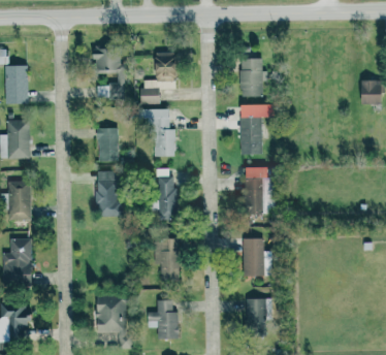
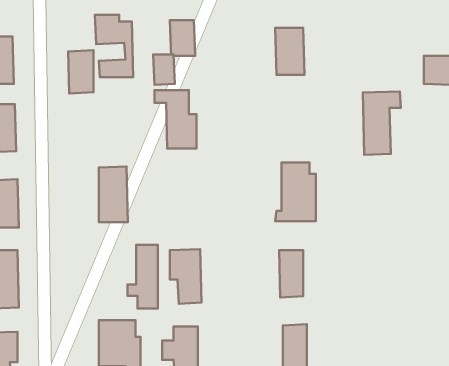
building: [240,103,271,155] -> [363,91,401,155]
building: [98,127,119,162] -> [68,50,93,93]
building: [151,168,175,220] -> [127,245,158,309]

